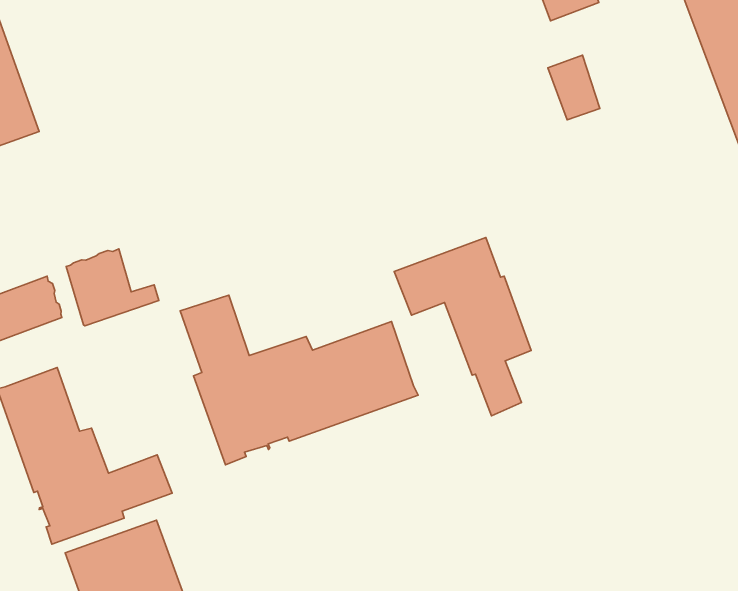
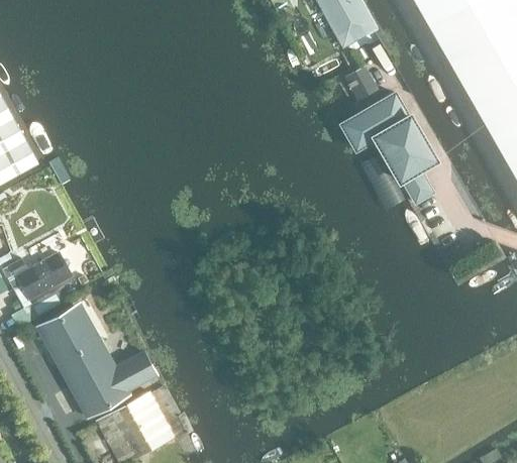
building: [394,237,531,416] -> [340,93,433,203]
building: [66,249,159,326] -> none
building: [180,295,418,465] -> none

